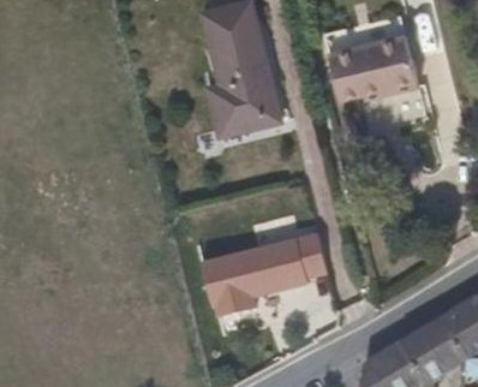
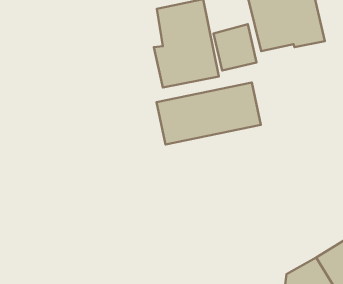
building: none -> [213,24,256,71]
building: [201,225,328,300] -> [157,83,261,145]

